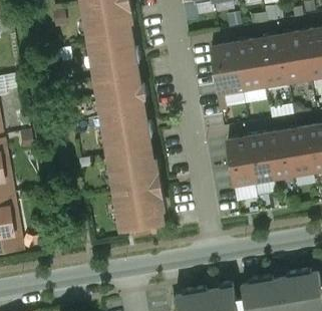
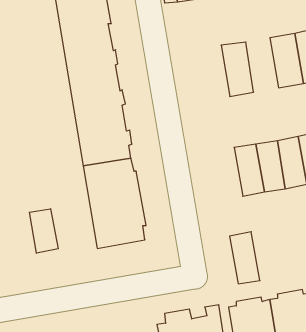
building: [258,36,288,86] -> none
building: [211,43,243,94] -> none
building: [227,137,255,186] -> [230,232,260,284]
building: none -> [29,209,58,253]

